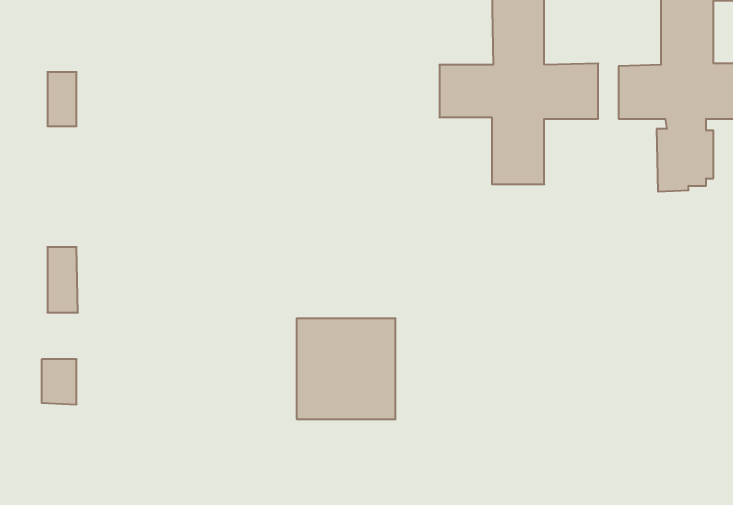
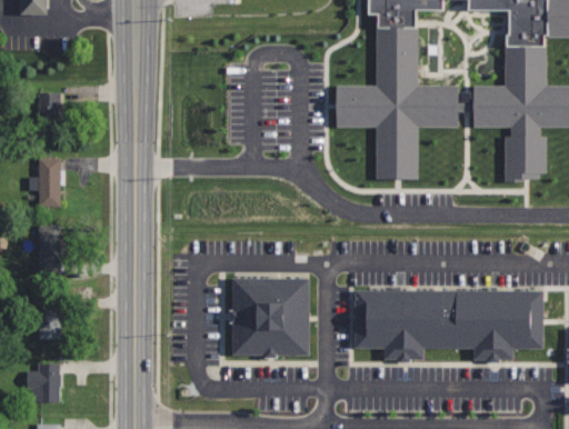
building: none -> [38,157,60,207]
building: none -> [351,288,545,363]
building: none -> [27,359,63,402]

